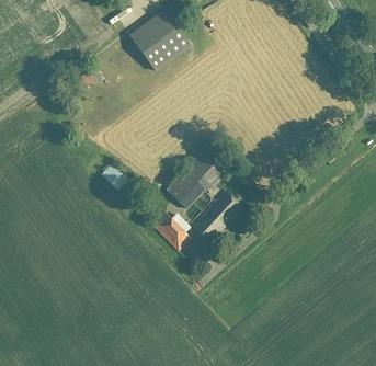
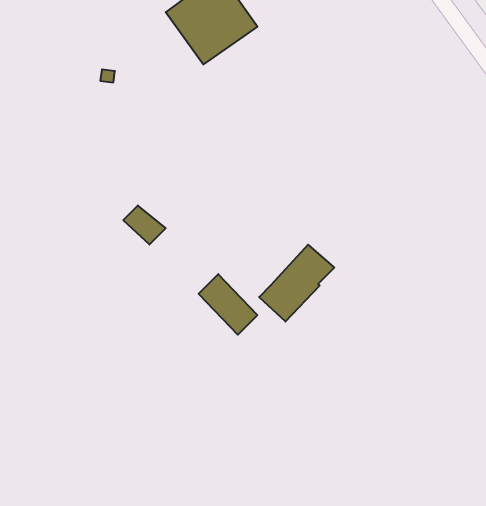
building: [164,151,223,209] -> none

